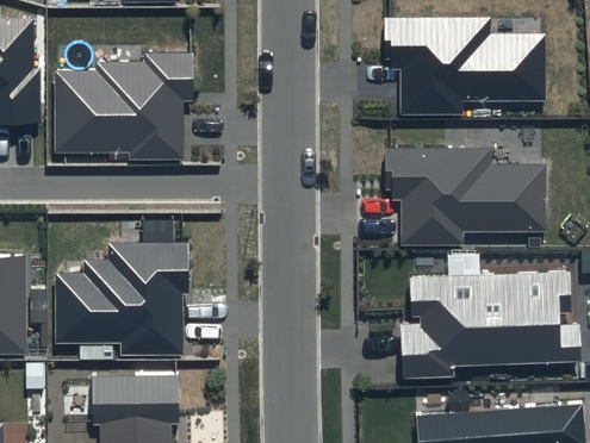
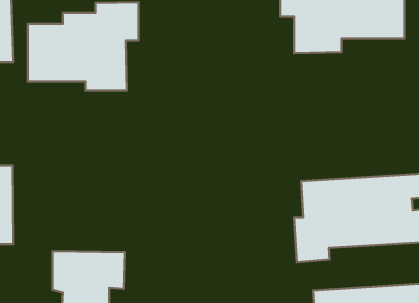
building: [379,146,541,236] -> none
building: [63,247,198,363] -> none

